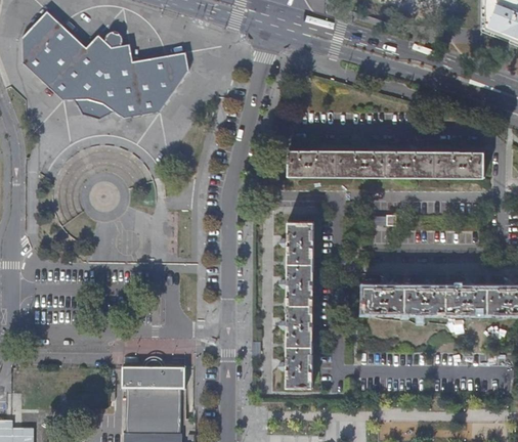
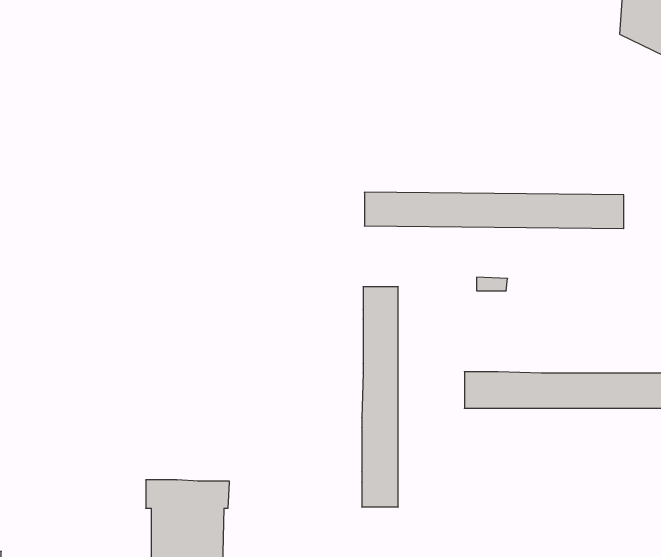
building: [21,10,186,119] -> none

